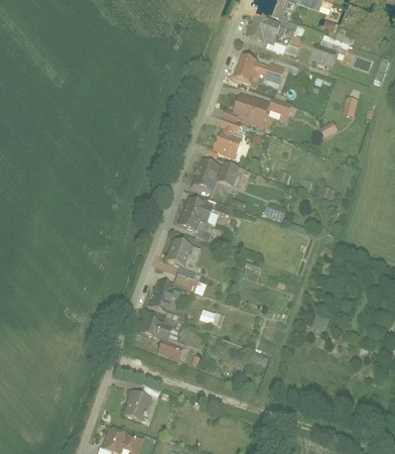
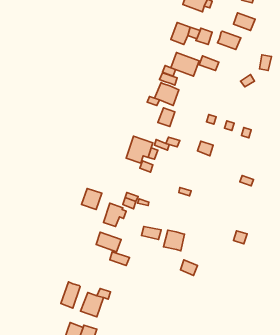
building: none -> [217,31,241,49]
building: [192,157,222,190] -> none
building: [166,238,191,264] -> [82,188,102,210]
building: none -> [163,230,184,251]
building: none -> [61,282,80,308]

